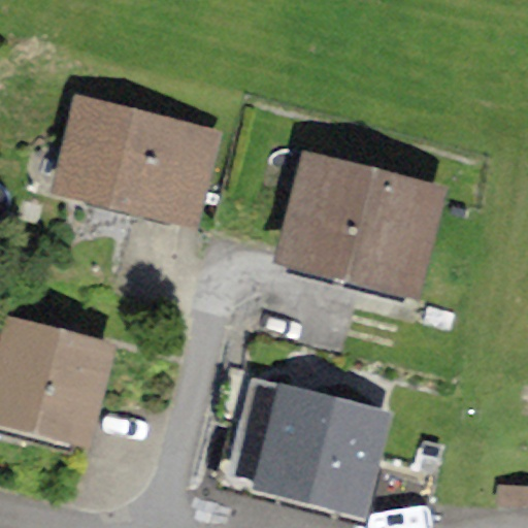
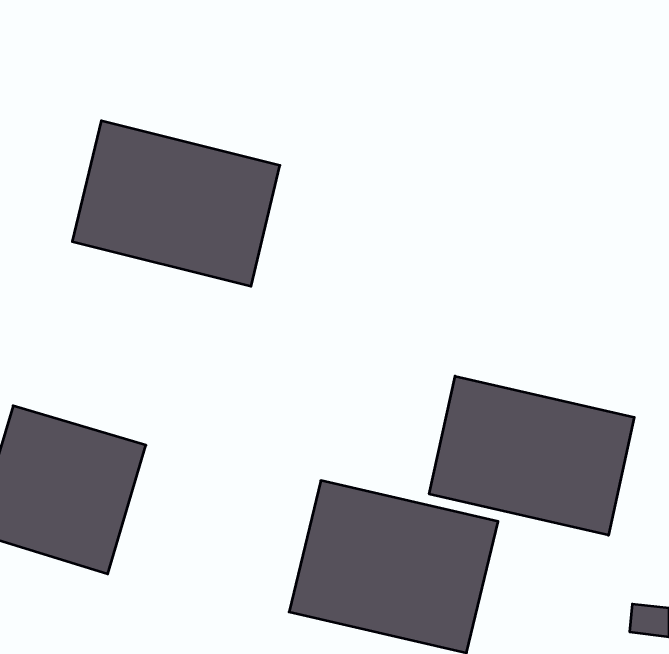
building: [276,155,446,297] -> none
building: none -> [429,376,634,535]

